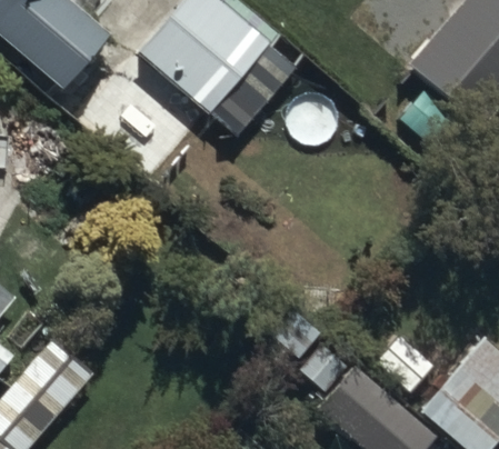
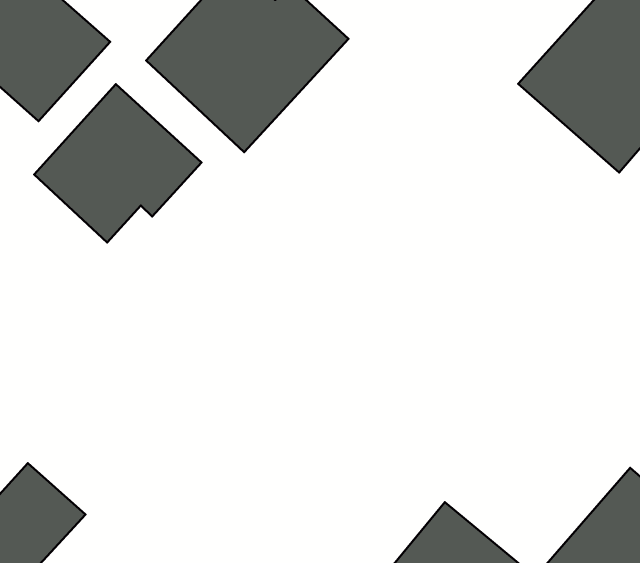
building: none -> [34,84,201,242]

